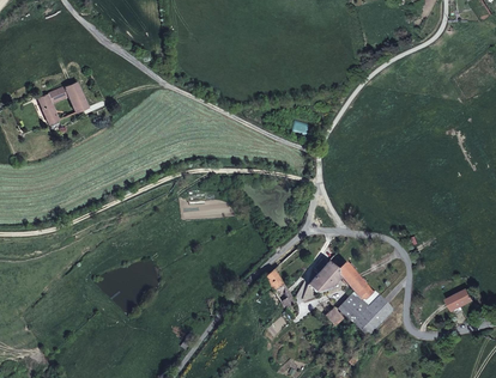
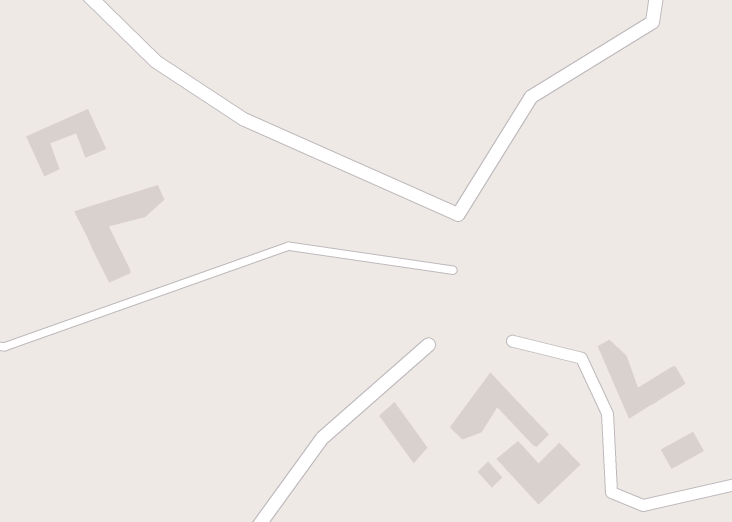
building: none -> [73,184,165,283]
building: none -> [597,339,686,420]

